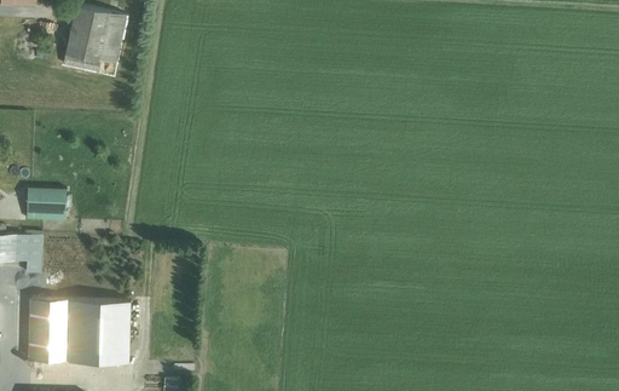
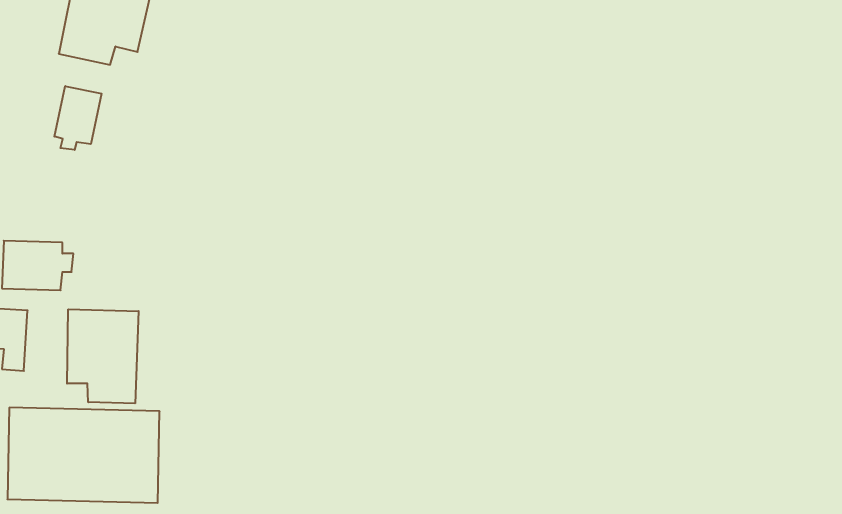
building: none -> [54,86,102,150]
building: none -> [67,309,139,403]

